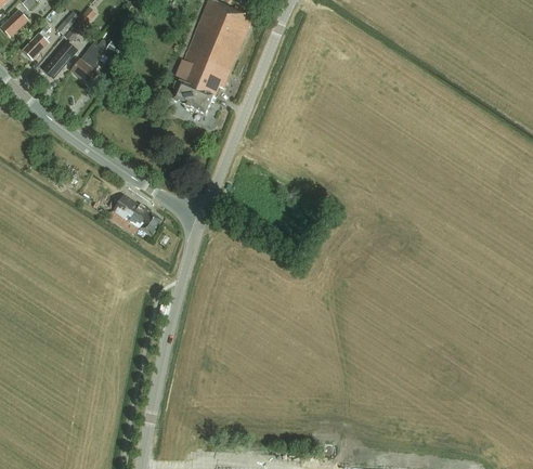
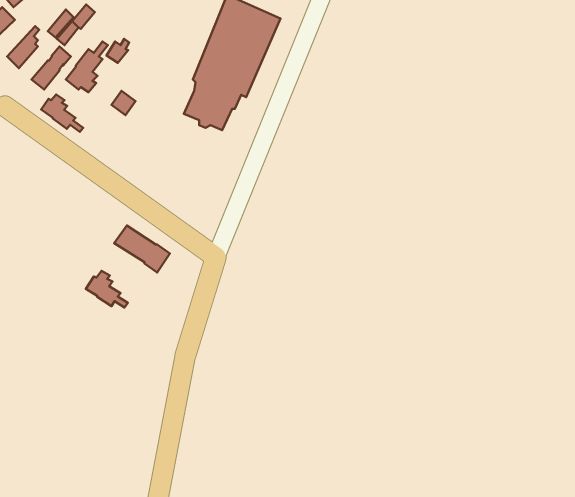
building: none -> [41,95,83,132]
building: none -> [86,271,128,308]

